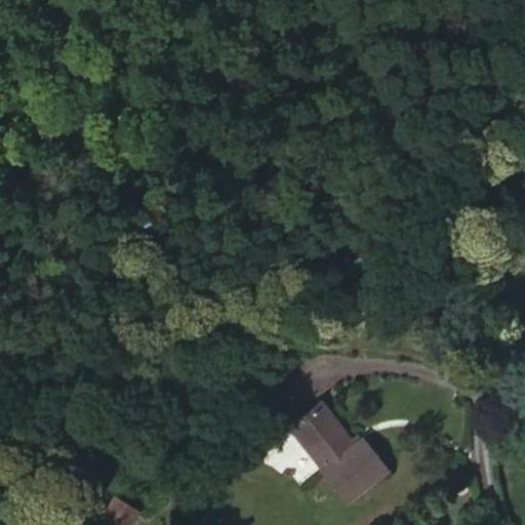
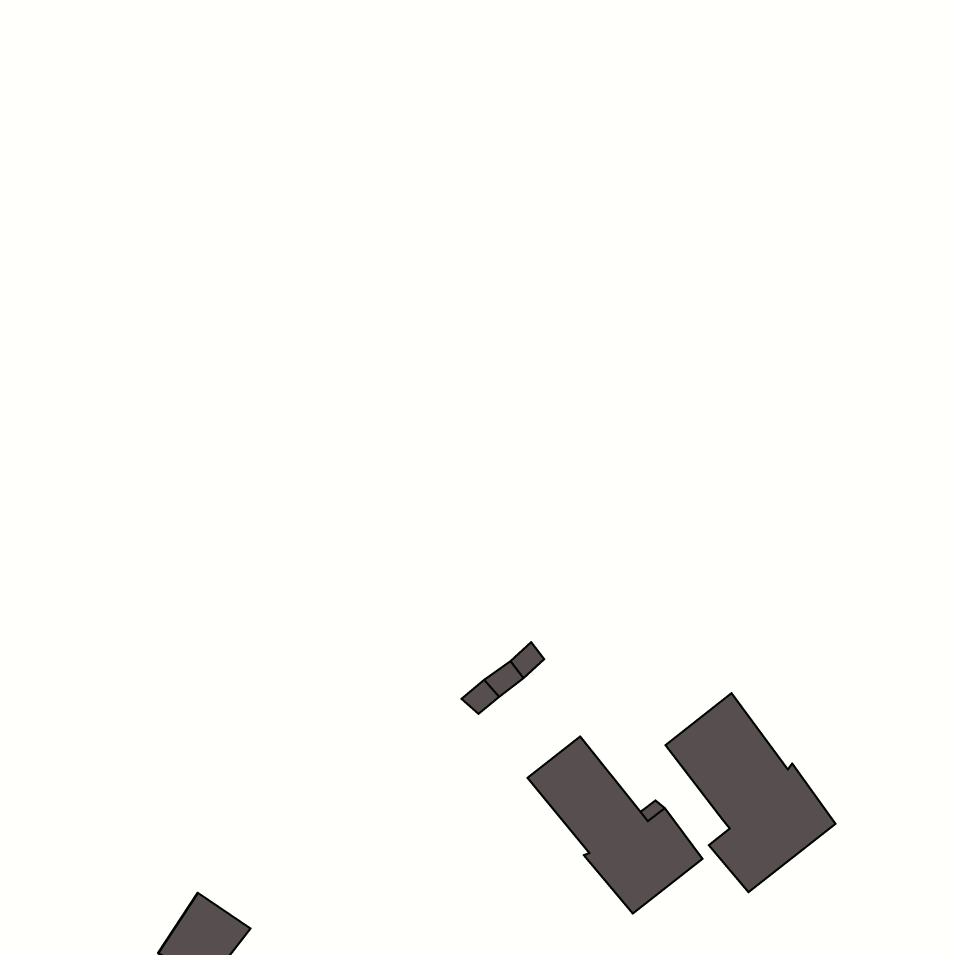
building: none -> [666,693,835,892]

